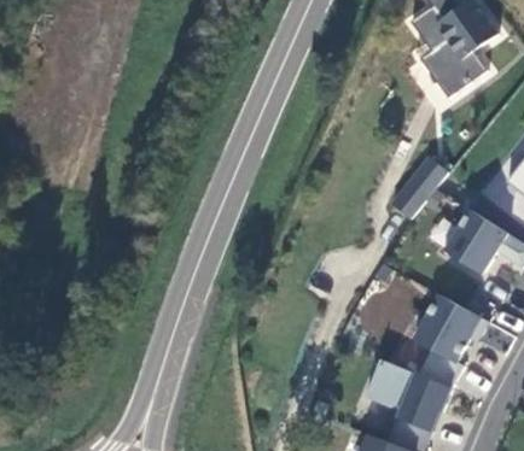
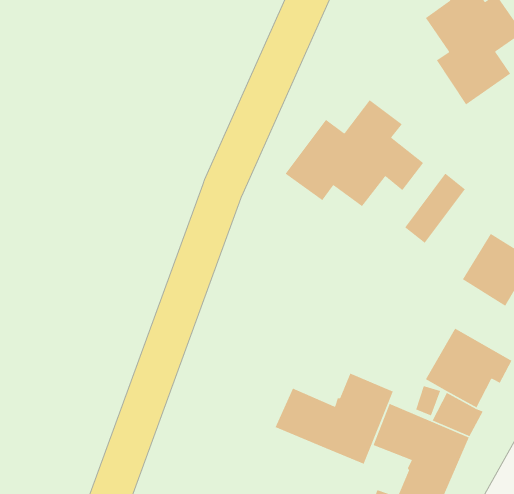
building: none -> [284,99,424,207]
building: none -> [274,373,394,465]

